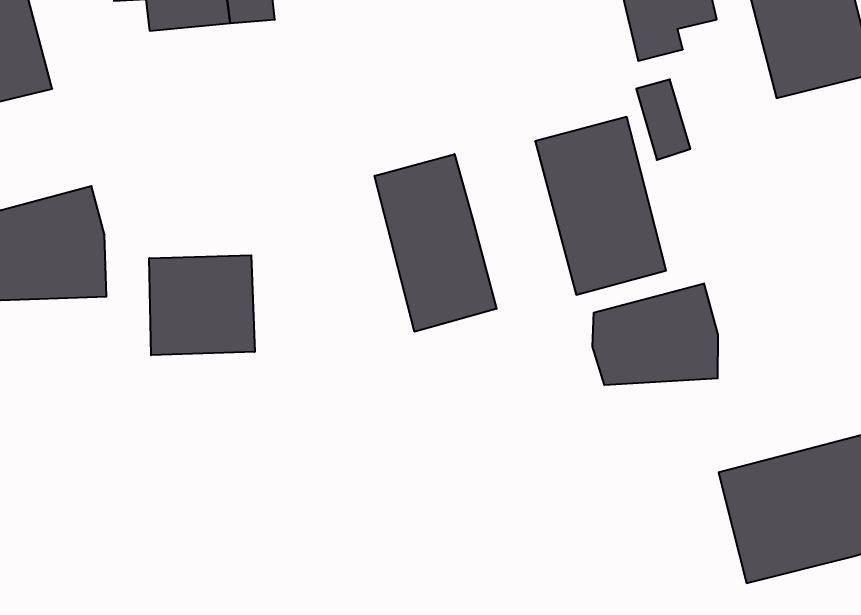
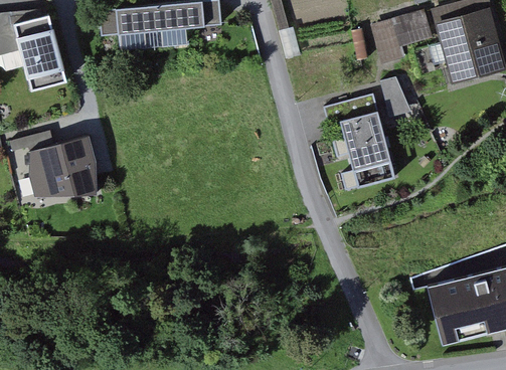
building: [375,154,497,332] -> none
building: [149,255,255,355] -> none
building: [593,283,718,385] -> none

